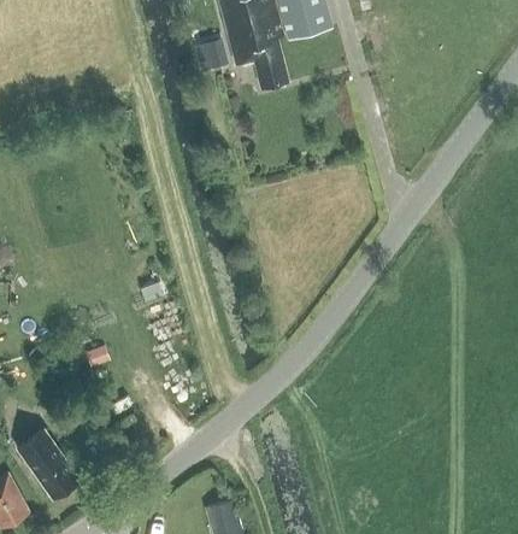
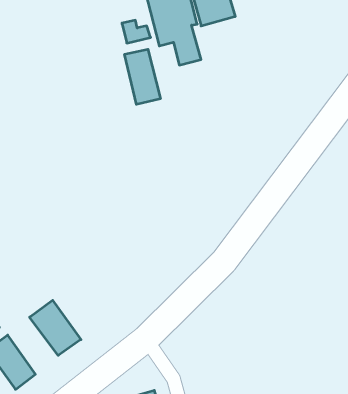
building: none -> [125,49,160,104]
building: none -> [30,300,81,355]

